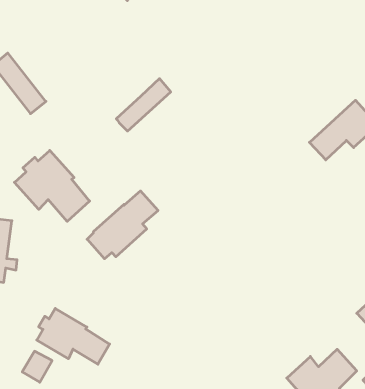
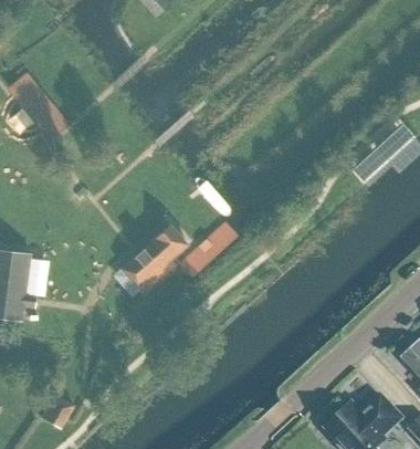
building: [116,79,171,131] -> [178,220,237,276]
building: [14,150,90,221] -> none
building: [37,308,110,364] -> none

